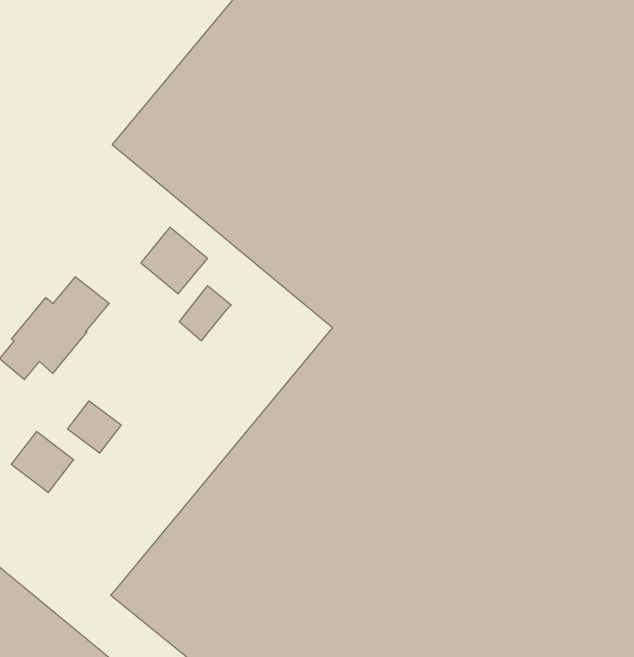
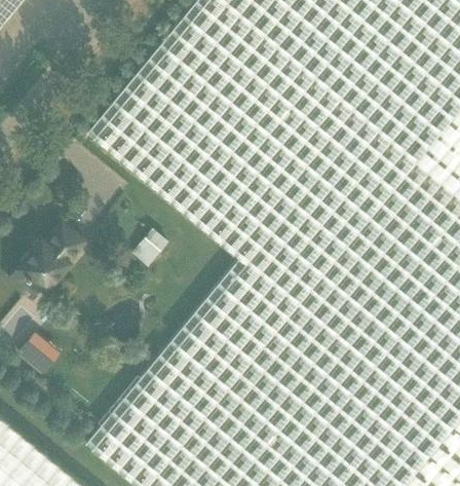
building: [141,227,207,294] -> none
building: [68,401,121,453] -> none

